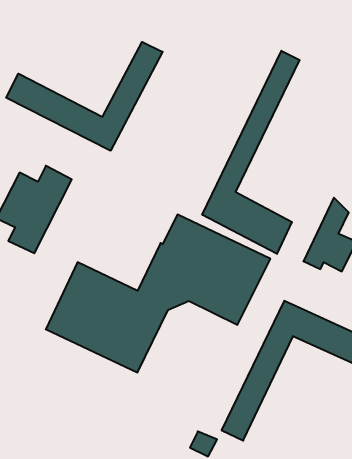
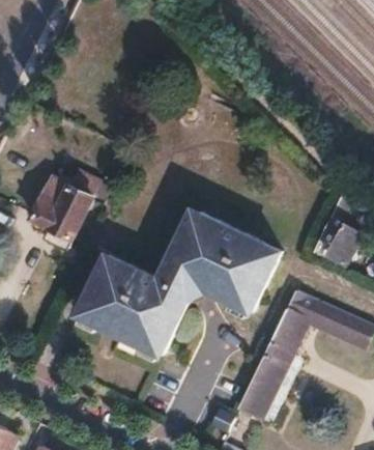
building: [6,42,163,151] -> none
building: [202,51,300,254] -> none

